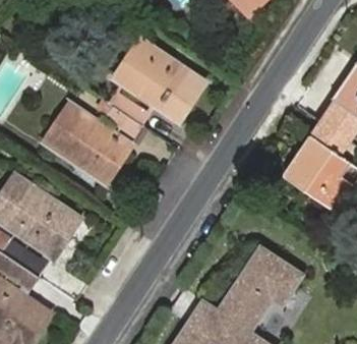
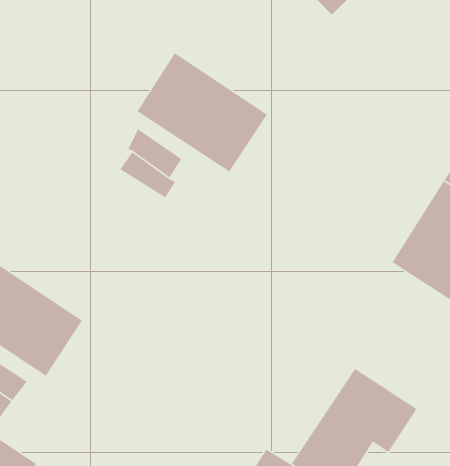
building: [44,104,129,181] -> none

